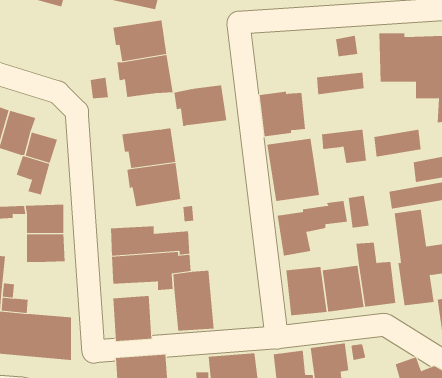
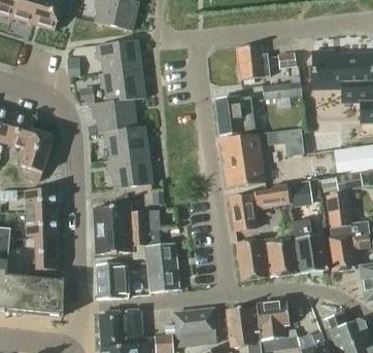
building: none -> [236,44,270,79]
building: [174,85,227,127] -> [93,99,136,133]
building: none -> [35,235,60,270]

